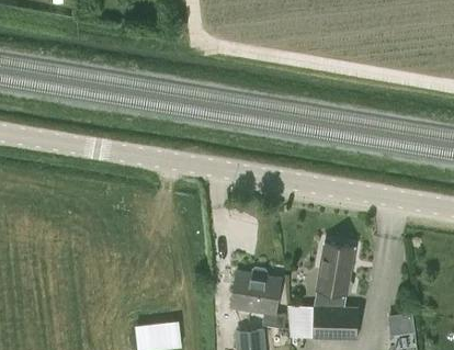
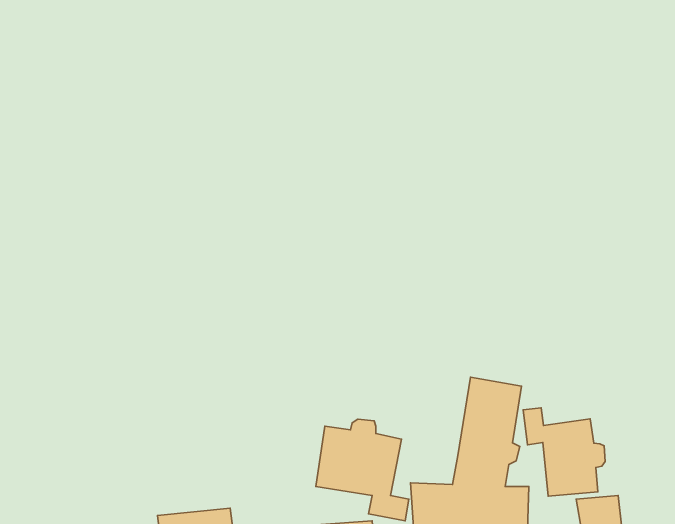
building: none -> [523,408,605,496]

